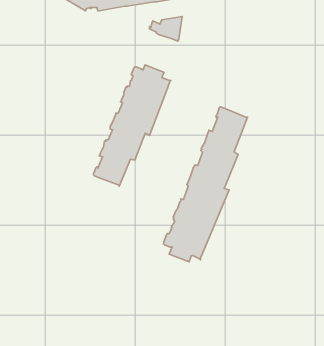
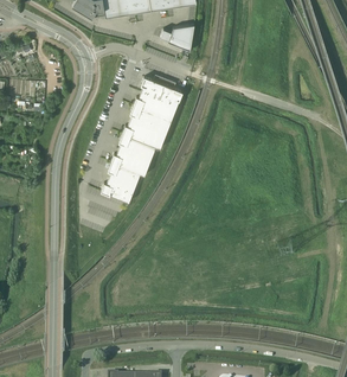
building: [164,107,248,262] -> none

